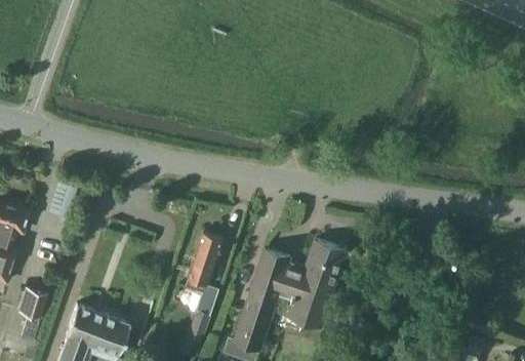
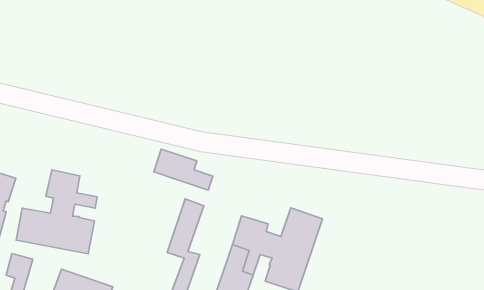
building: none -> [154,149,213,190]
building: none -> [16,170,97,254]

